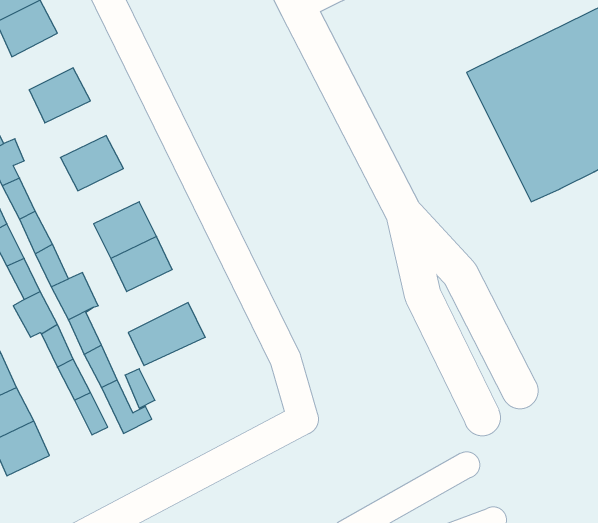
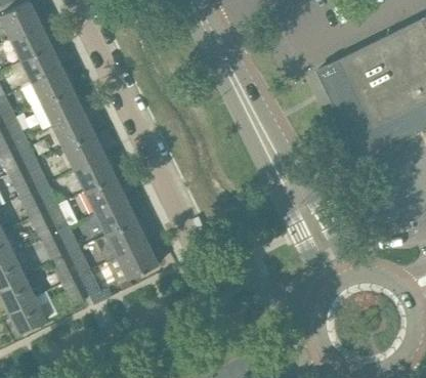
building: none -> [20,44,60,81]
building: none -> [32,88,82,129]
building: none -> [63,132,103,168]
building: none -> [95,198,135,234]
building: none -> [106,242,157,290]

